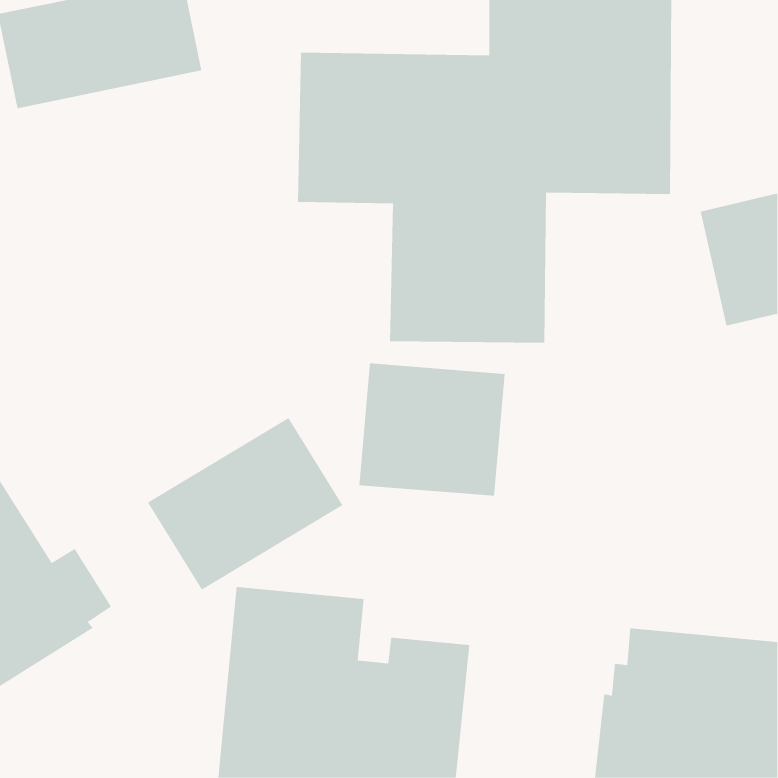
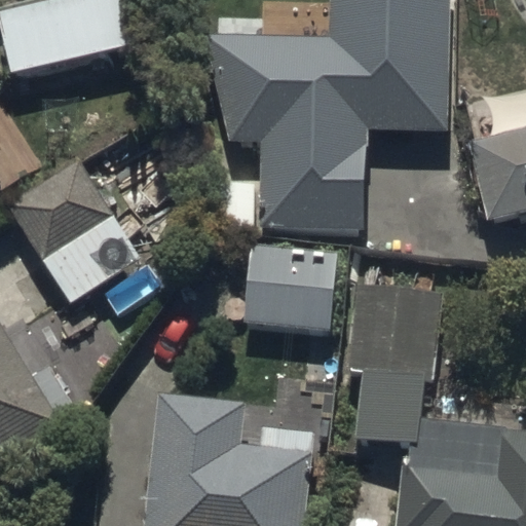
building: none -> [8,162,141,307]
building: [147,417,343,590] -> none
building: none -> [347,286,443,446]

